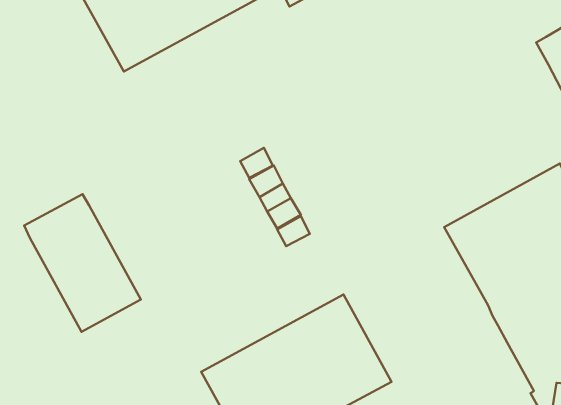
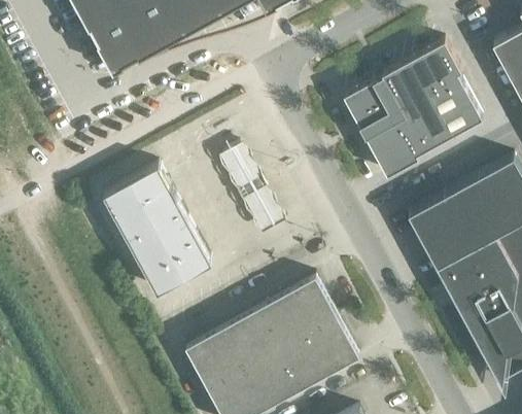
building: none -> [344,42,483,177]
building: [24,194,141,332] -> [105,167,212,294]

